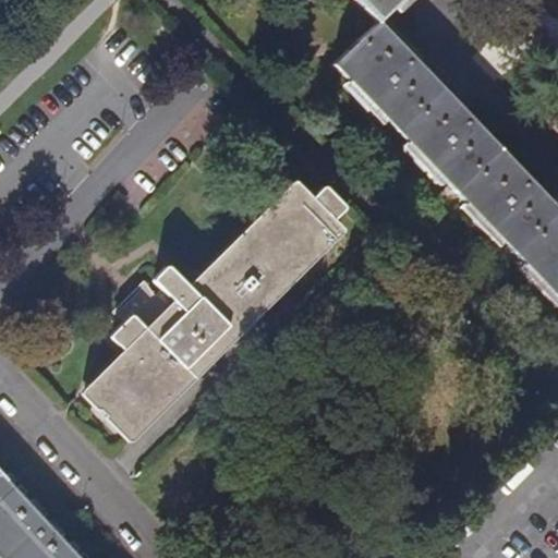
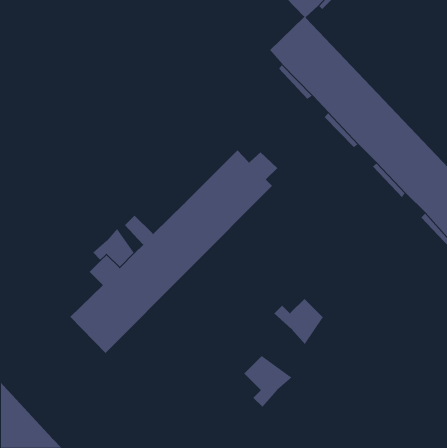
building: none -> [273,298,324,345]
building: none -> [243,355,293,408]

